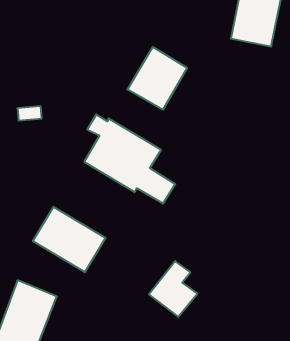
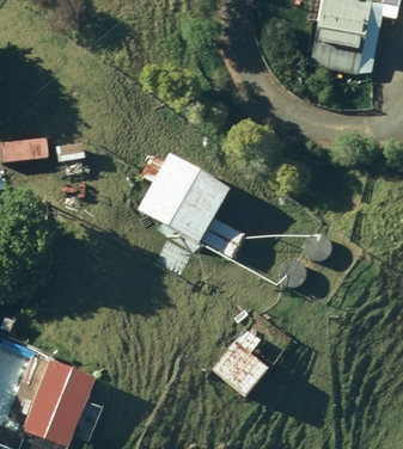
building: [127,47,187,110] -> none
building: [33,207,105,272] -> none

